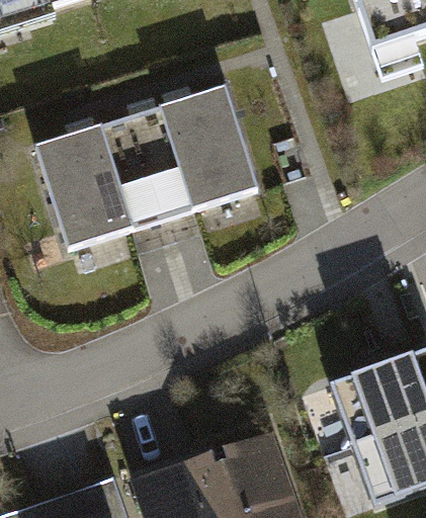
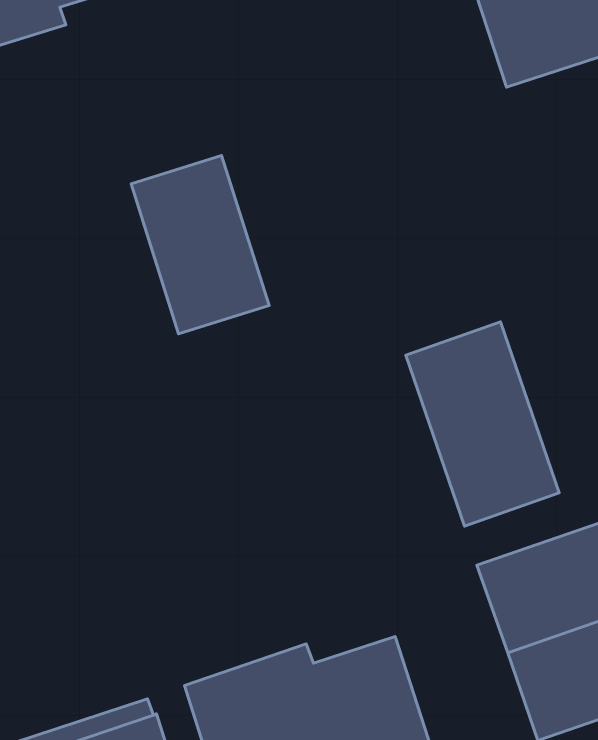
building: [160,87,257,209] -> none
building: [34,126,131,249] -> none
building: none -> [406,322,559,526]

